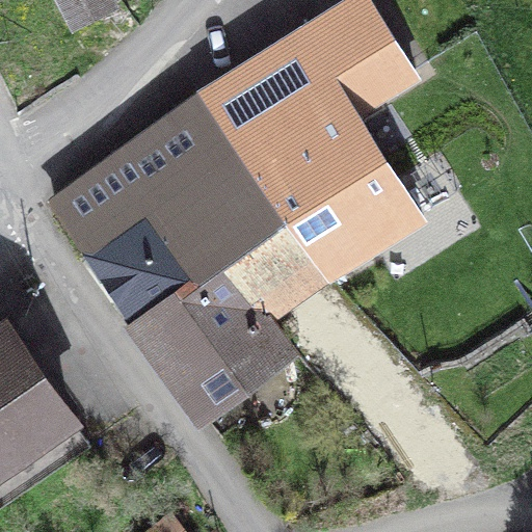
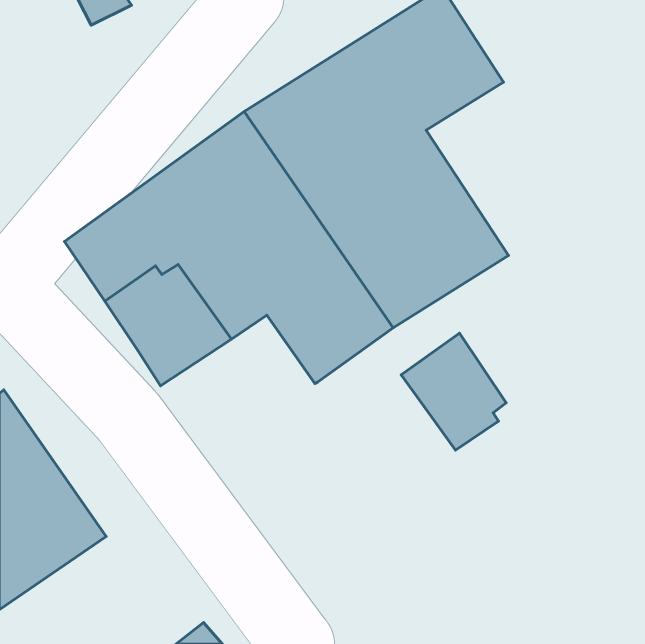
building: [132,259,285,410] -> none
building: none -> [401,333,506,450]

